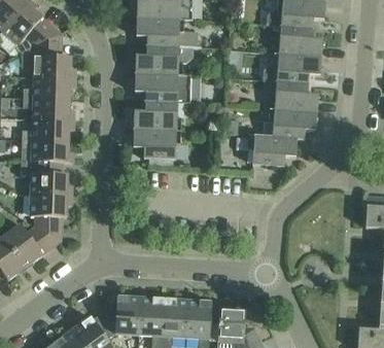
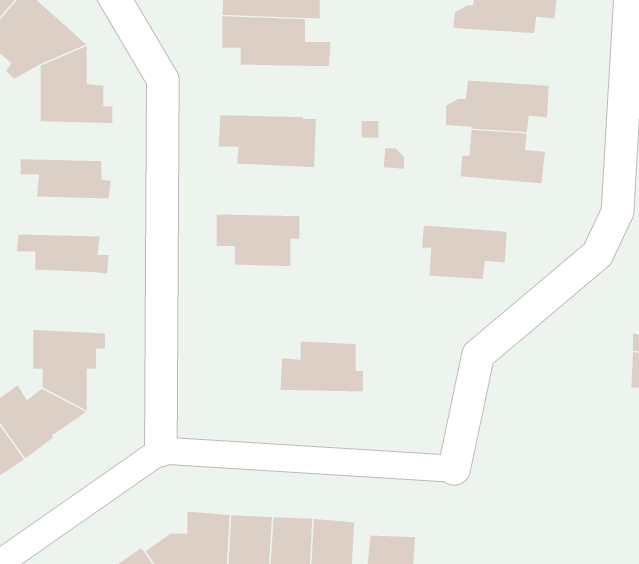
building: [266,25,322,57] -> none
building: [135,45,193,74] -> none
building: [23,77,75,99] -> none
building: [133,101,188,130] -> [280,341,379,392]
building: [263,108,316,139] -> none
building: [22,119,73,141] -> none
building: [20,161,72,196] -> none

